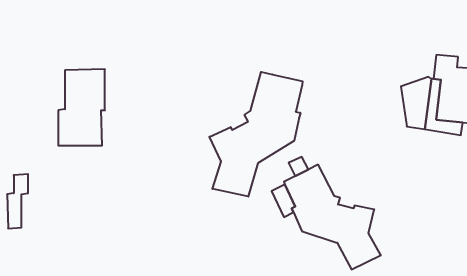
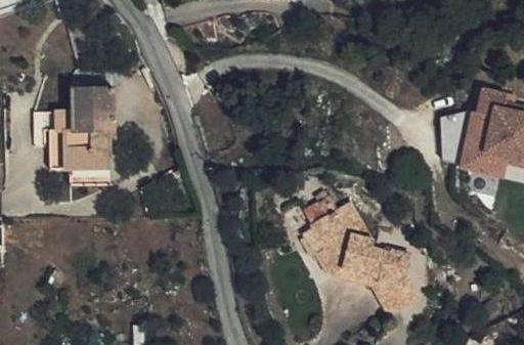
building: [209,72,303,197] -> none
building: [7,174,28,228] -> [51,117,74,175]

